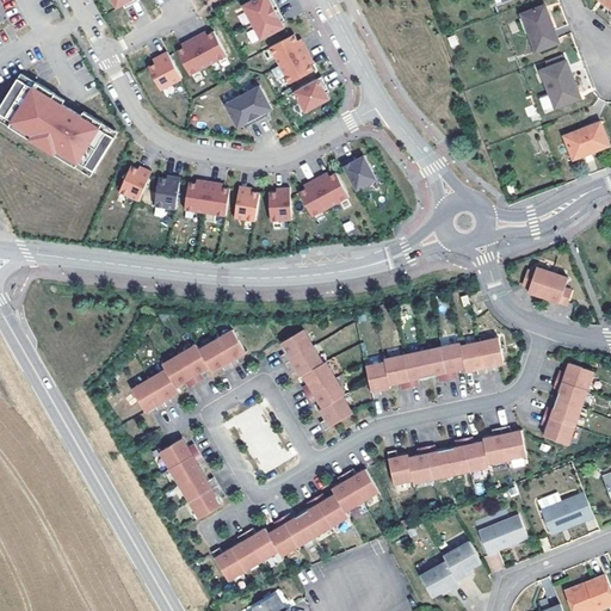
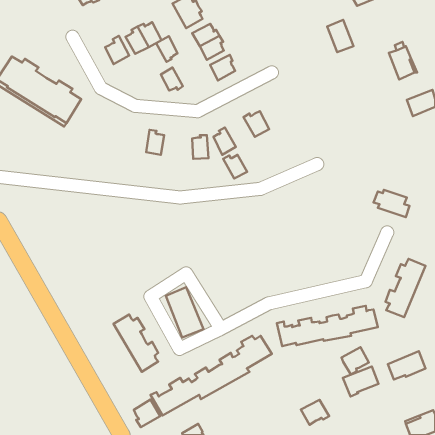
building: [523,8,560,54] -> [327,20,354,52]
building: [241,85,271,121] -> [156,36,177,62]
building: [117,166,150,202] -> none
building: [314,172,347,205] -> [223,155,247,179]
building: [153,175,179,209] -> none
building: [184,179,209,212] -> none
building: [234,186,259,221] -> none
building: [280,329,352,431] -> none
building: [131,333,245,415] -> none
building: [366,338,504,399] -> none
building: [444,538,482,576] -> [342,347,369,375]
building: none -> [134,400,160,427]

